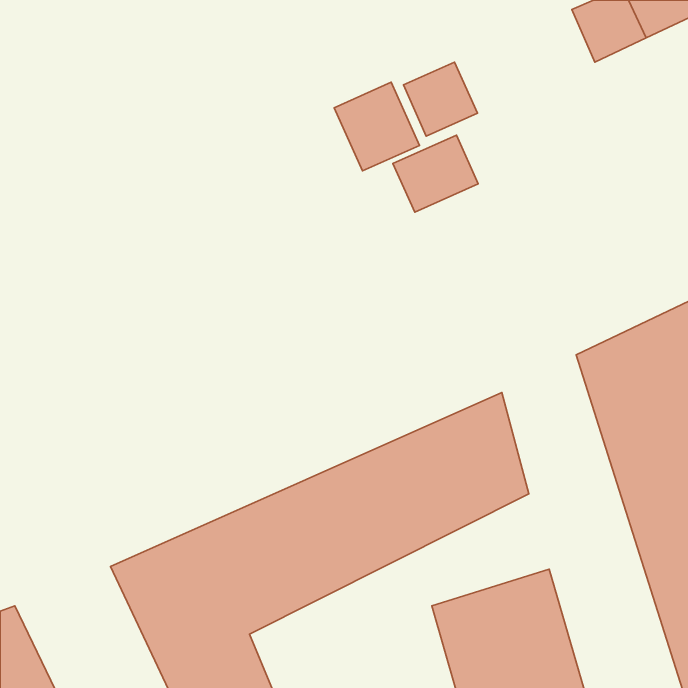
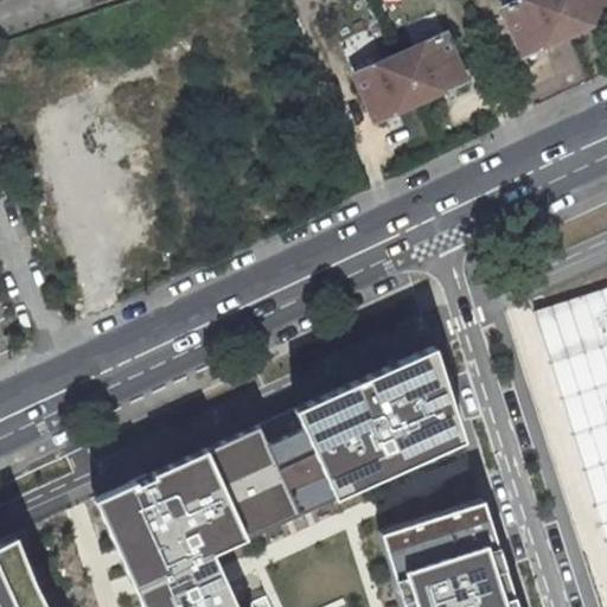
building: none -> [401,36,466,101]
building: [334,82,419,171] -> none
building: [393,135,478,212] -> none

